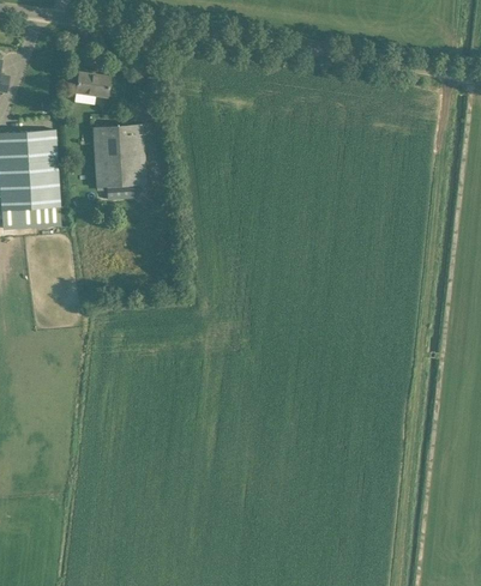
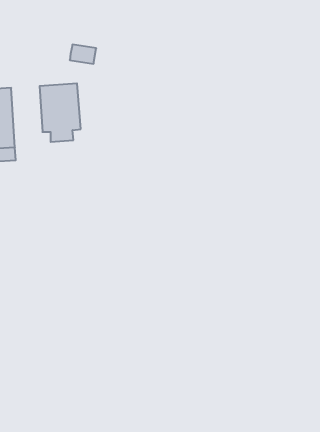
building: [76,71,110,96] -> [70,45,96,64]

